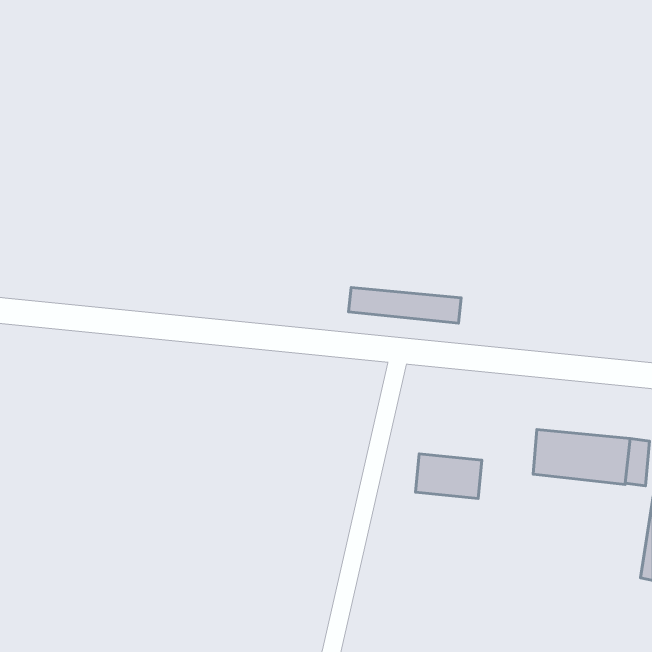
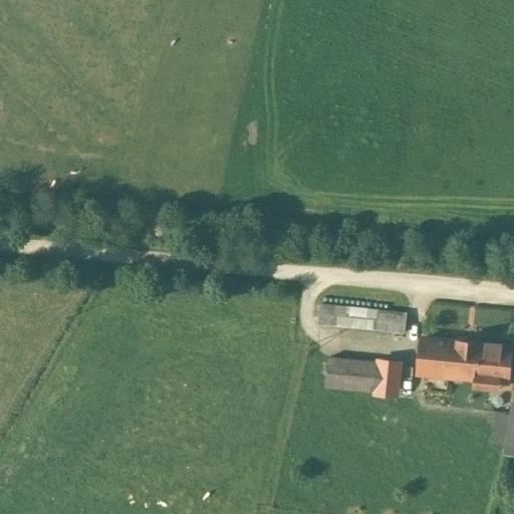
building: [349,288,461,323] -> [319,305,408,333]
building: none -> [377,357,402,392]

